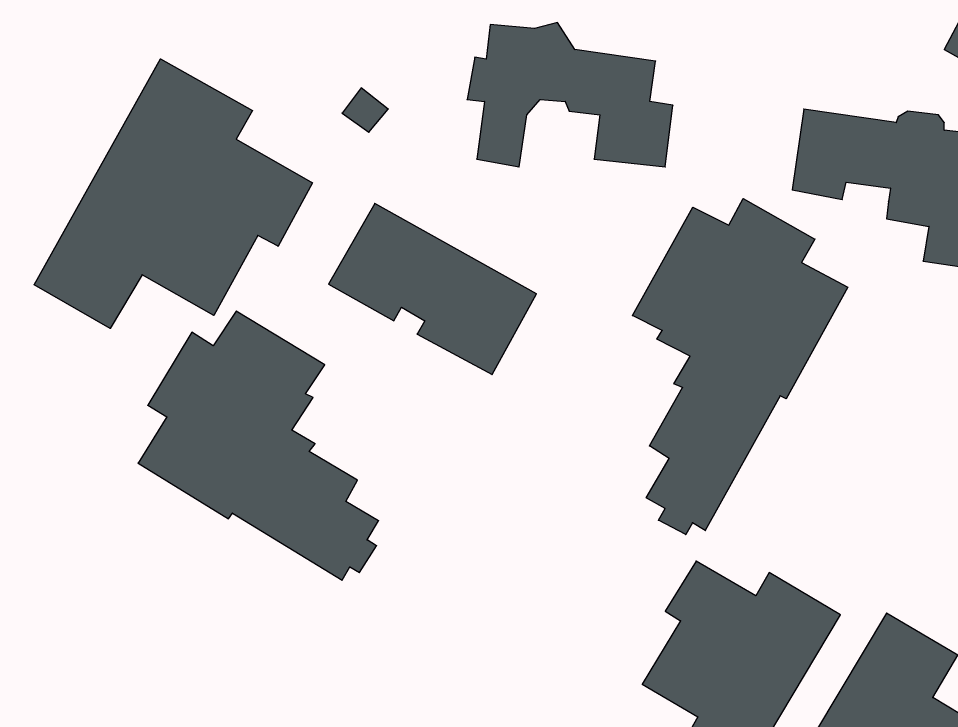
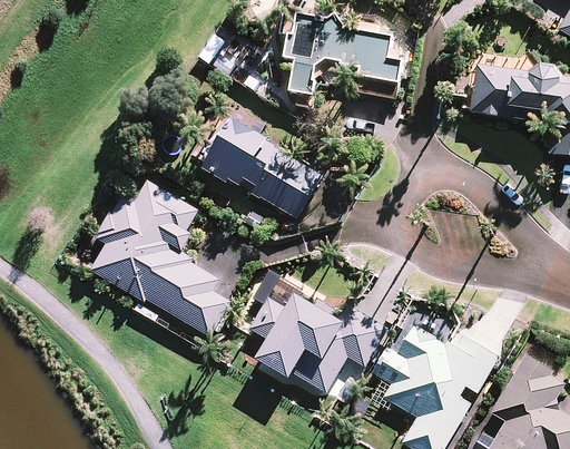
building: [34,59,312,328] -> none
building: [632,199,848,535] -> none
building: none -> [250,294,389,391]

